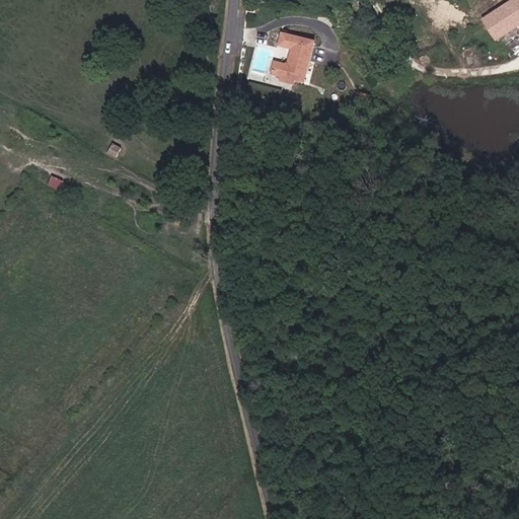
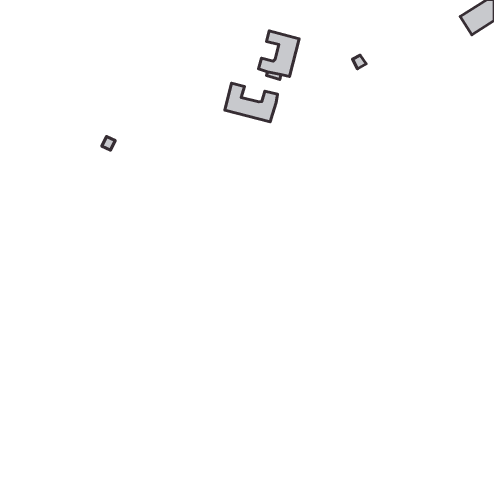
building: none -> [225,83,278,122]

